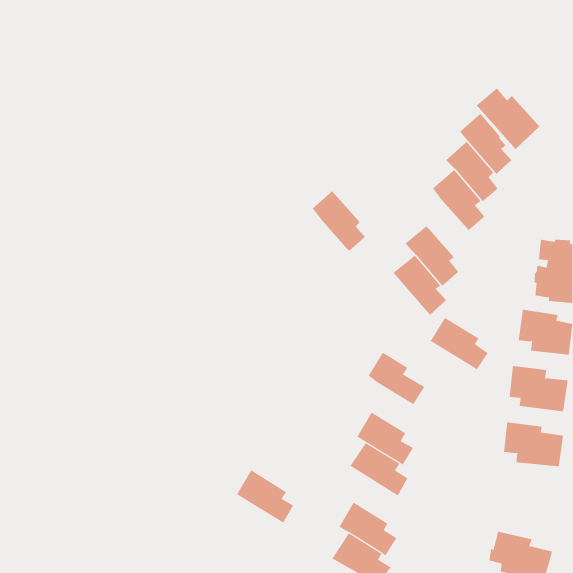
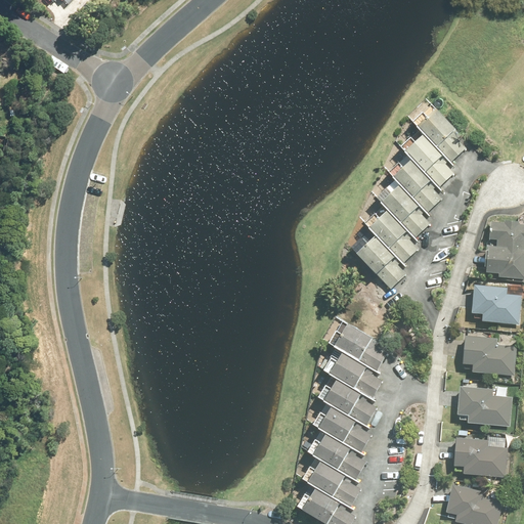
building: [476,88,540,150] -> none
building: [312,191,366,251] -> [380,182,429,237]
building: [430,317,488,370] -> [329,350,382,398]
building: [236,469,294,524] -> [312,431,364,480]
building: none -> [452,436,507,478]

